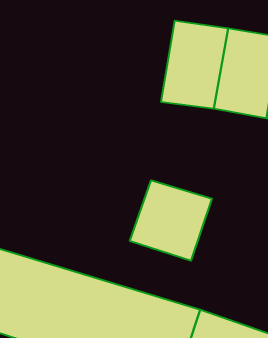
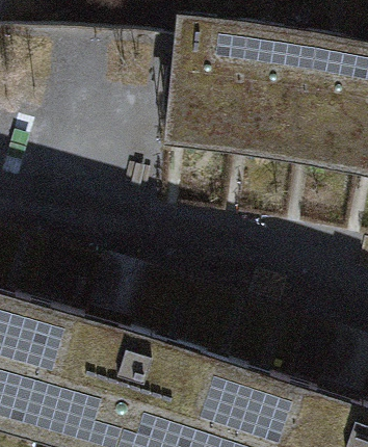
building: none -> [167,29,248,134]
building: [130,180,212,261] -> none

